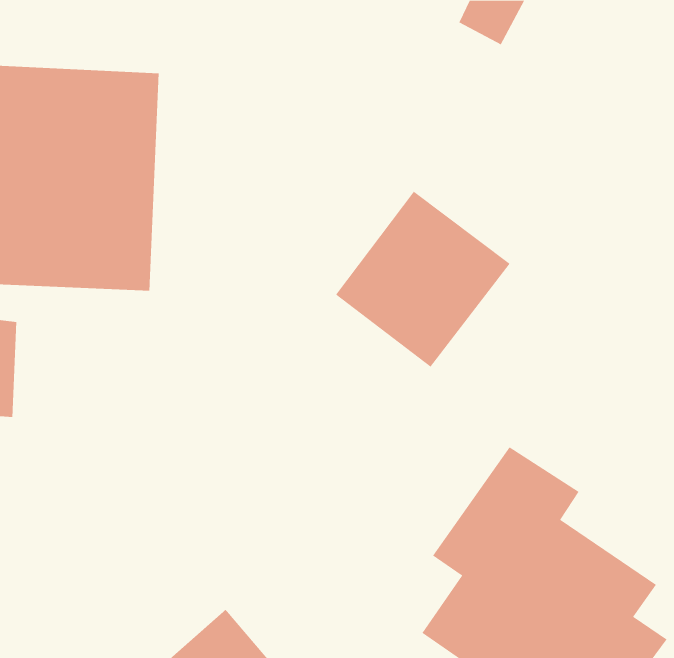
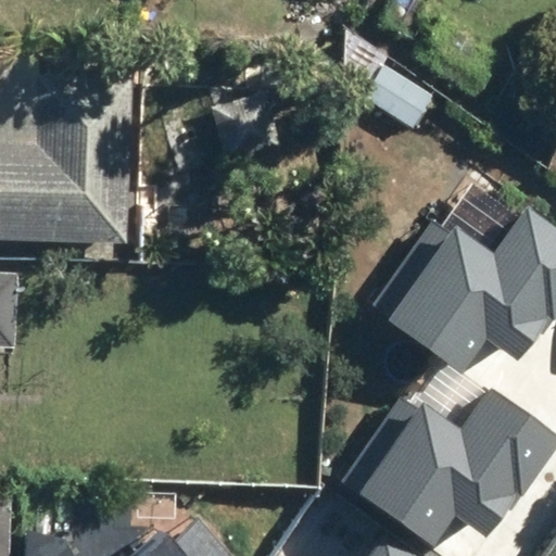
building: [335,191,511,368] -> [389,210,532,354]

